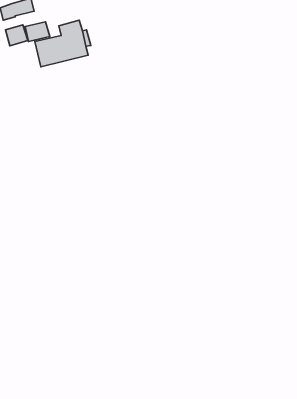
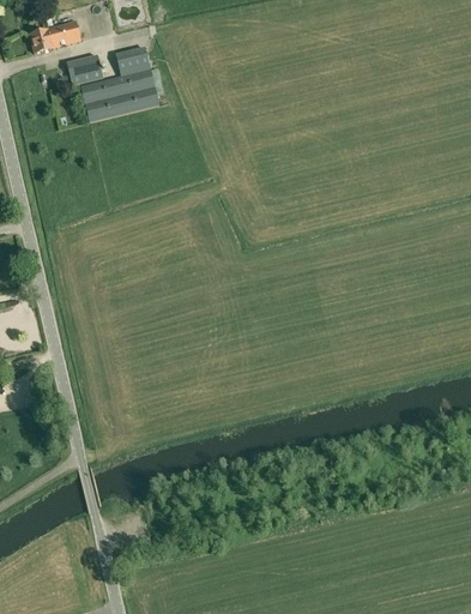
building: [6,25,28,46] -> none

